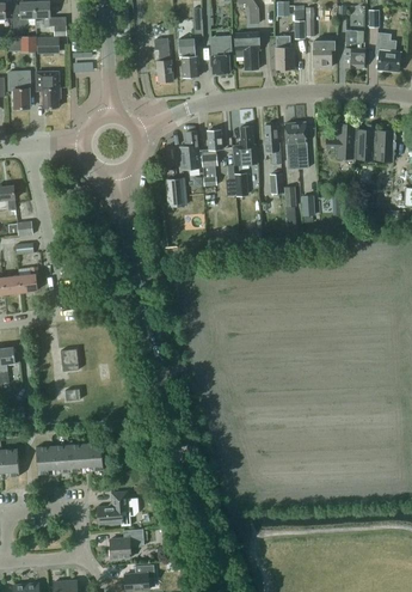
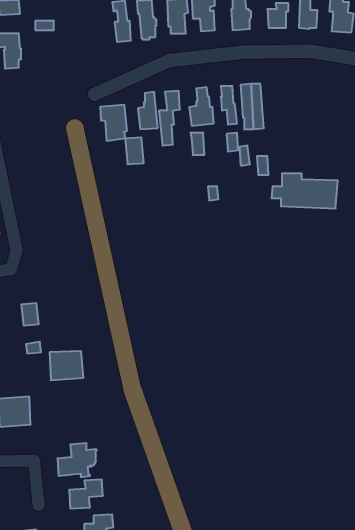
building: [326,124,394,160] -> [271,173,338,209]
building: none -> [100,105,127,141]
building: [68,443,103,472] -> [50,351,83,380]

